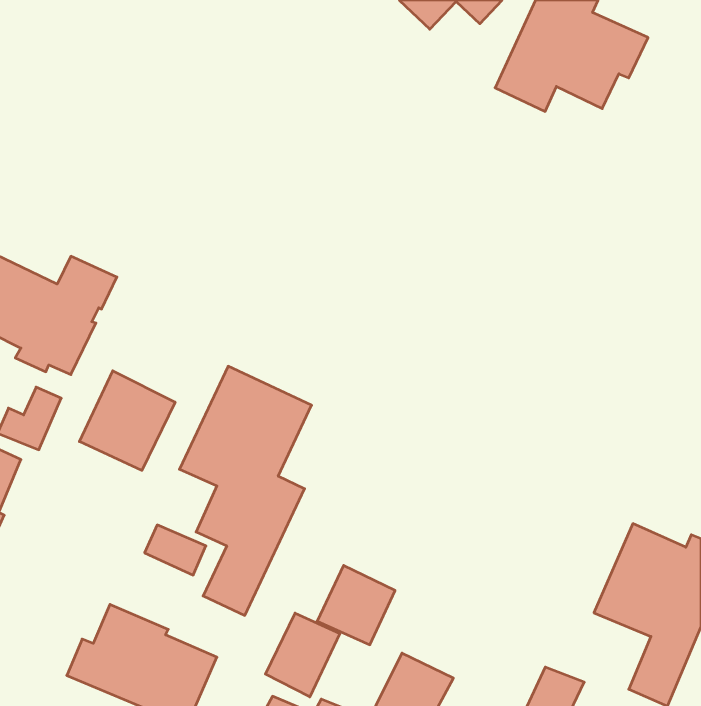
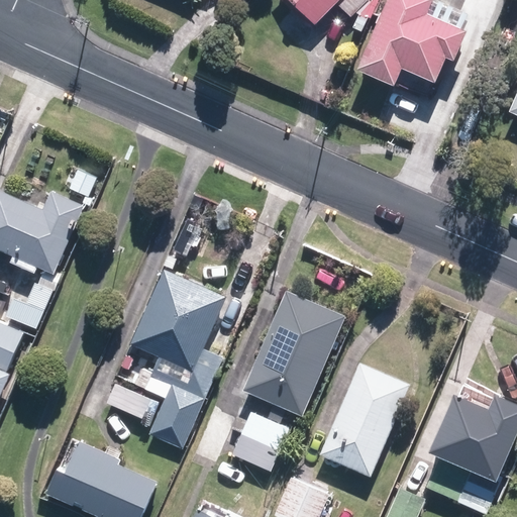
building: [79,371,175,470] -> none
building: none -> [242,289,345,416]
building: none -> [320,363,415,476]
building: [265,613,340,697] -> none

